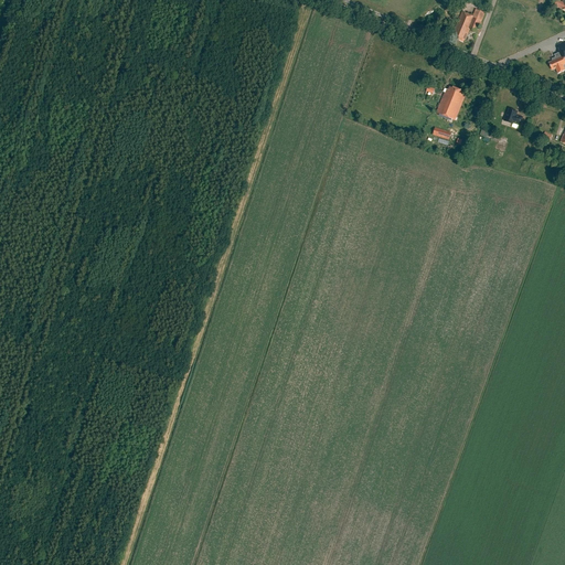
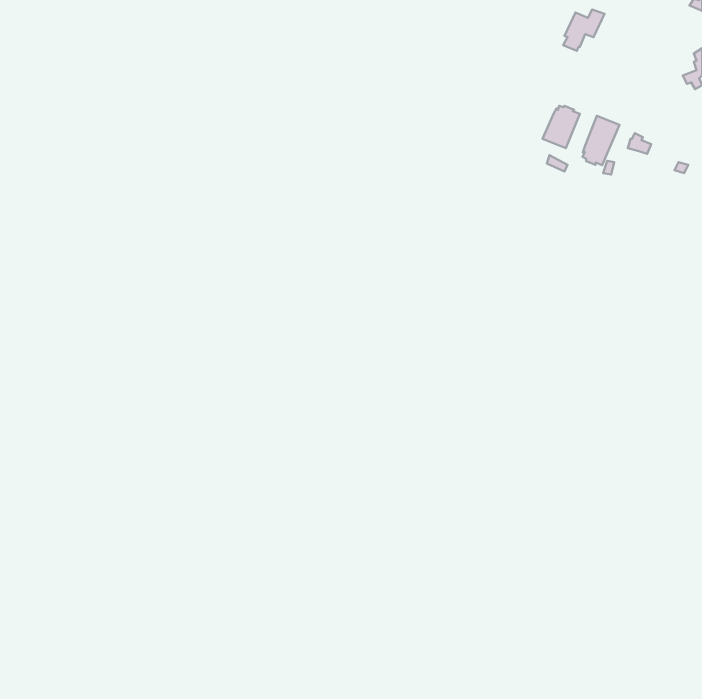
building: none -> [583,116,619,165]

